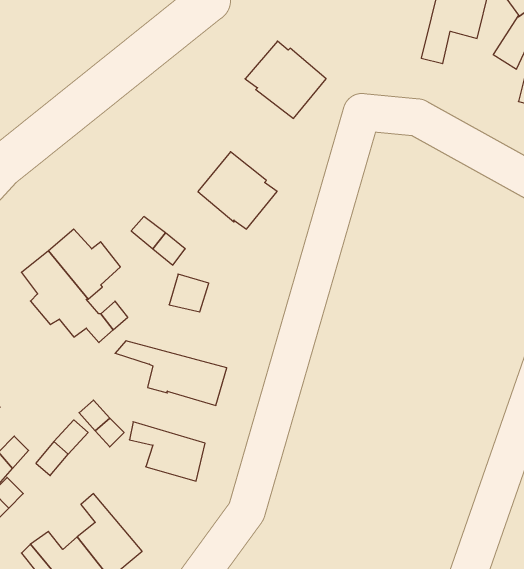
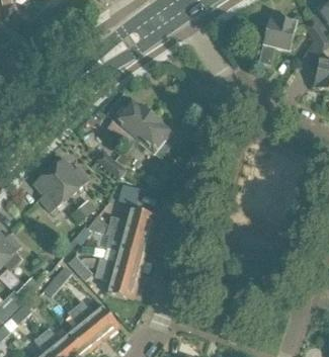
building: [245,41,326,118] -> [105,93,151,137]
building: none -> [92,207,155,236]
building: none -> [96,249,143,278]
building: none -> [74,300,118,339]

